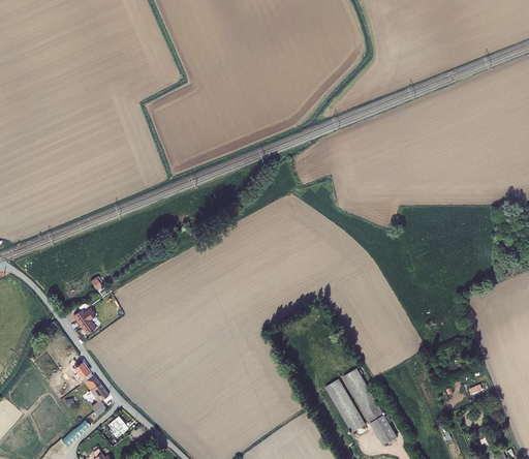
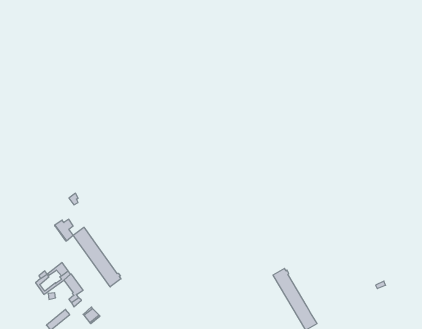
building: none -> [73,227,121,287]
building: [324,379,366,433] -> none

